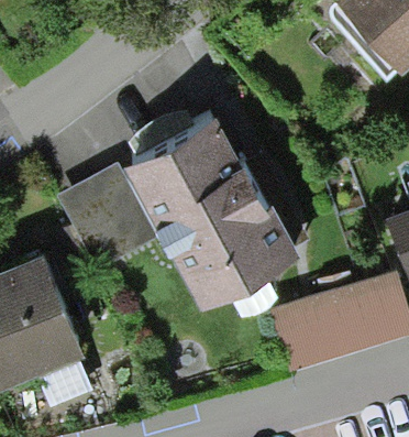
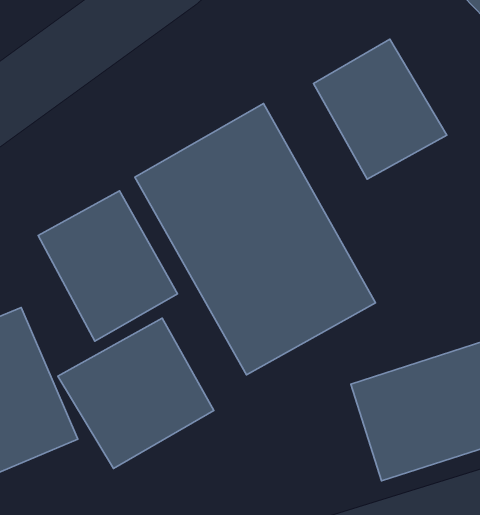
building: none -> [314,39,447,179]
building: none -> [58,318,214,468]

